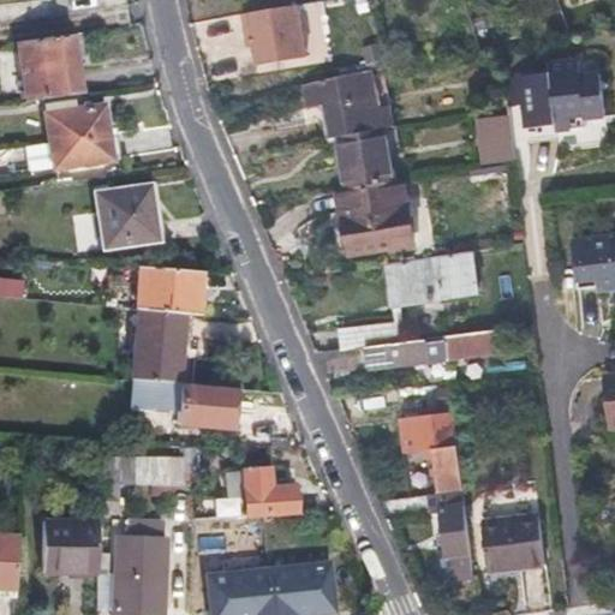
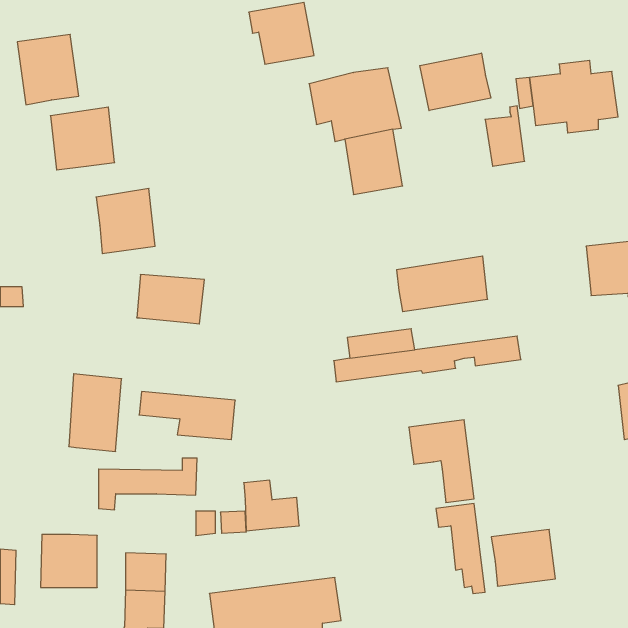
building: none -> [420,53,491,111]
building: [336,181,414,256] -> none
building: [132,311,184,387] -> [69,374,122,451]

